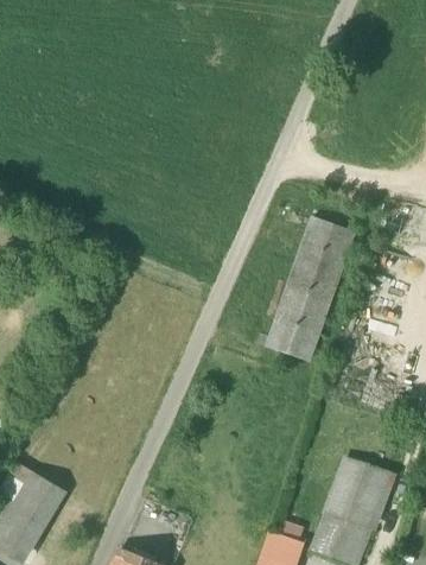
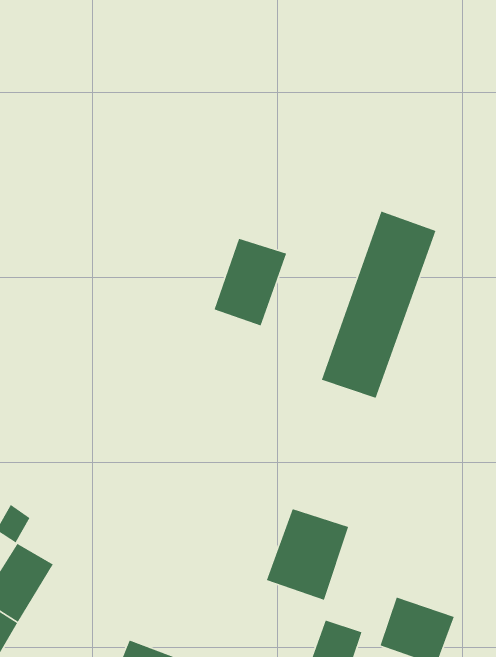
building: none -> [214,238,287,327]
building: [325,458,389,529] -> [266,508,349,601]

